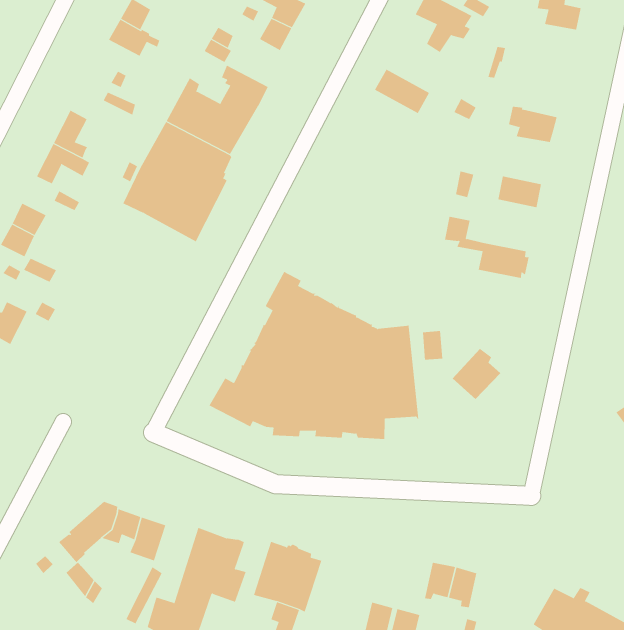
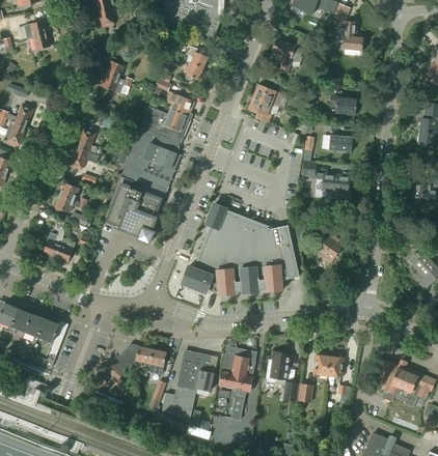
building: none -> [248,96,279,122]
building: none -> [105,176,161,243]
building: none -> [265,349,290,381]

